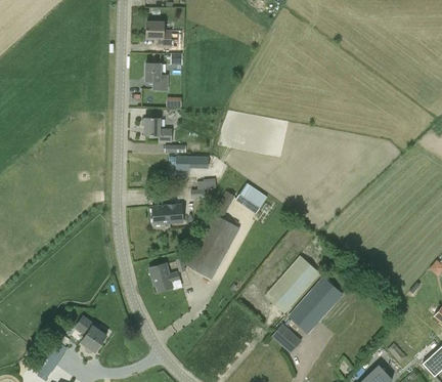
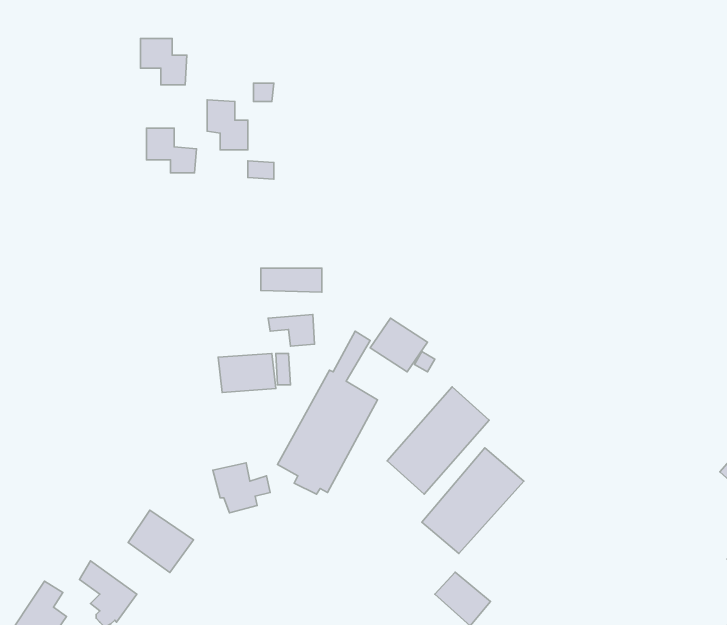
building: [146,22,172,47] -> [141,39,187,85]
building: [144,118,172,142] -> [146,128,196,173]
building: [288,275,344,335] -> [387,387,489,494]
building: none -> [128,510,194,573]

